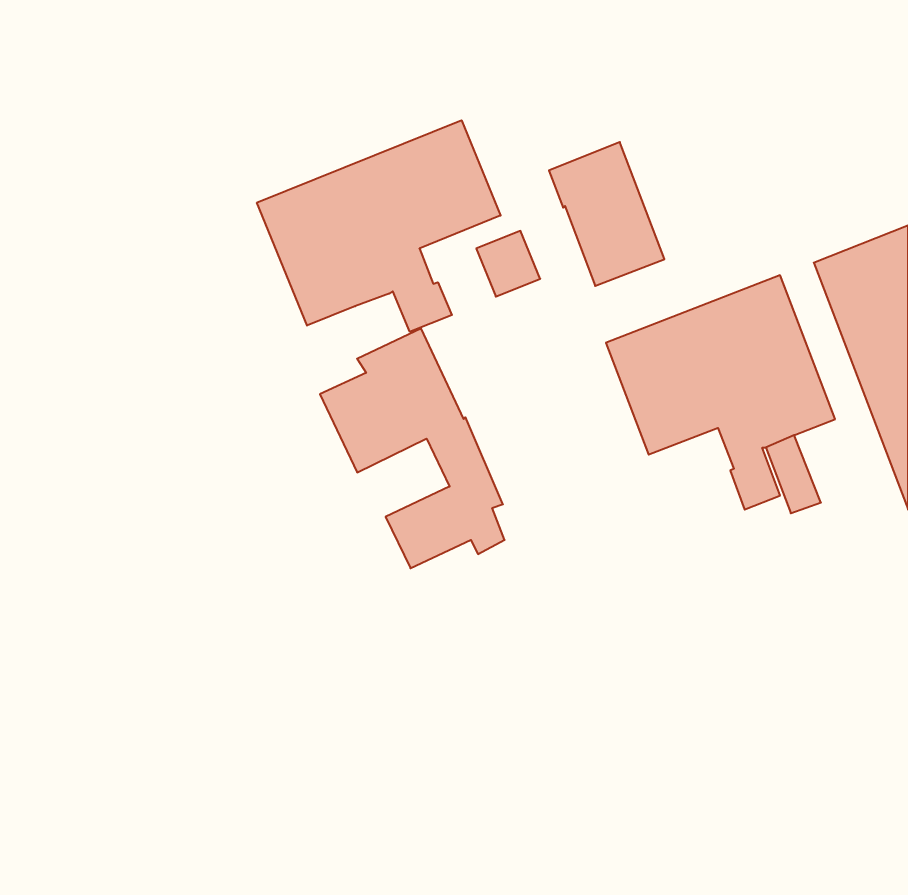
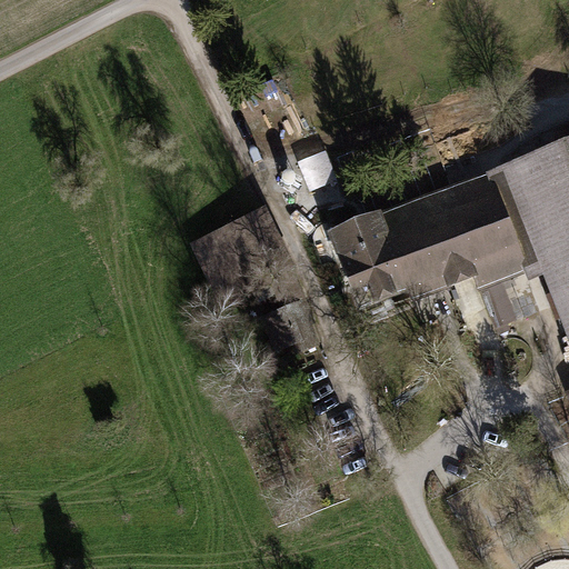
building: [257,120,501,332] -> none
building: [549,142,664,286] -> [333,211,406,301]

